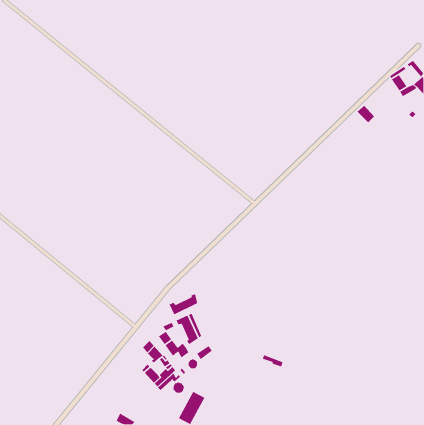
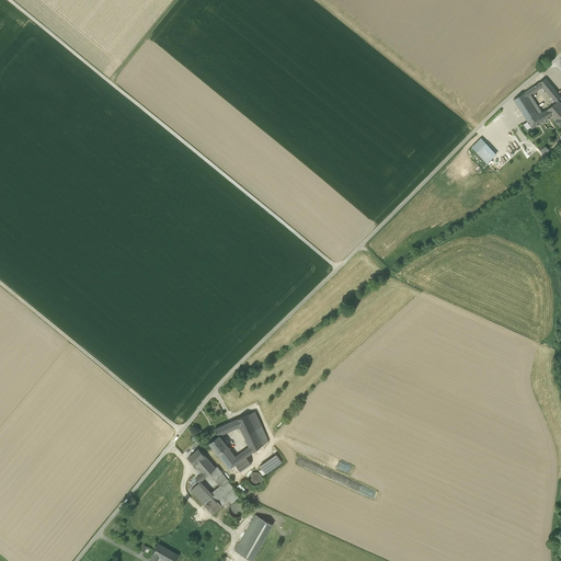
building: [169,293,198,315] -> none

